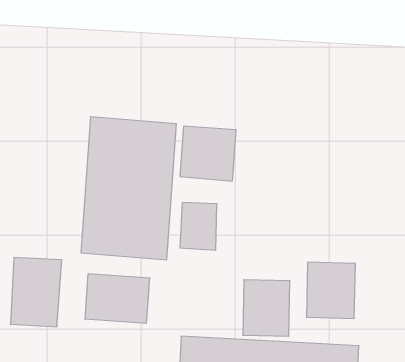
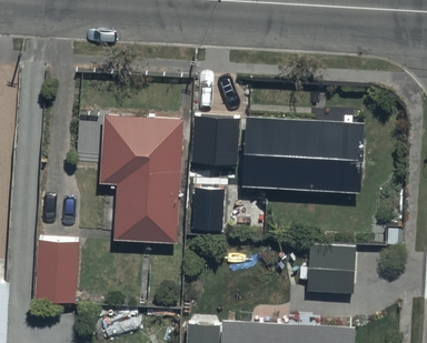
building: none -> [242,111,366,190]
building: [85,274,149,323] -> none
building: [243,279,290,336] -> none

